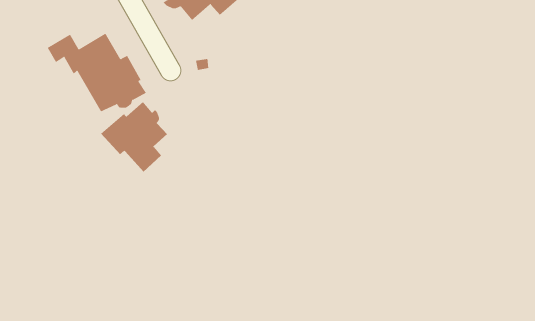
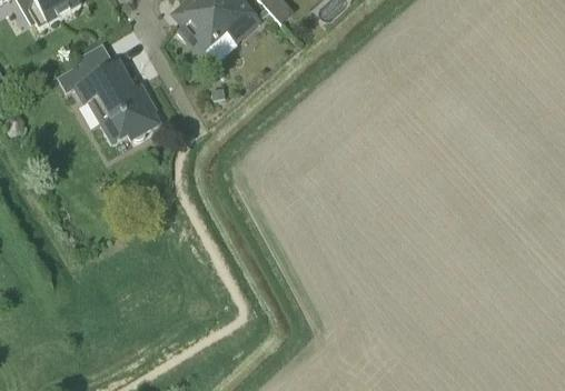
building: [100,101,168,172] -> none

